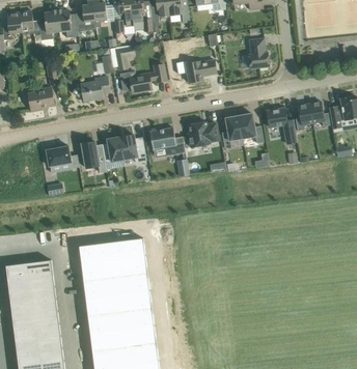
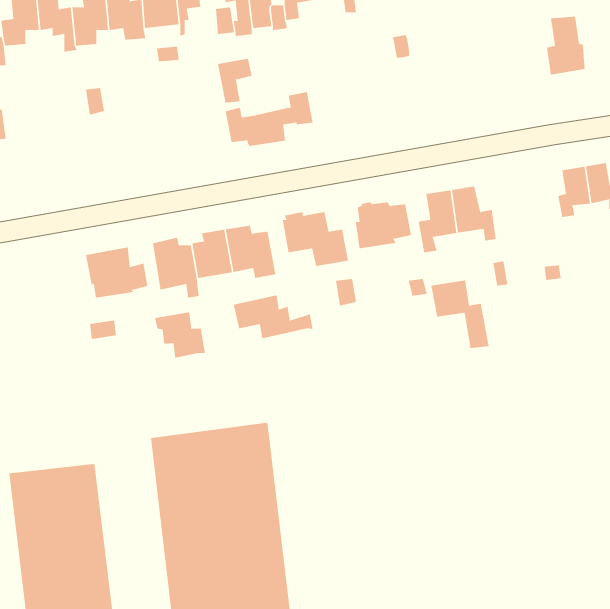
building: [248,37,269,68] -> [546,16,586,75]
building: [175,59,217,82] -> none
building: [72,76,110,101] -> none
building: [28,87,54,110] -> none
building: [266,107,297,143] -> [430,280,489,349]
building: none -> [233,295,313,339]
building: none -> [155,311,206,358]

